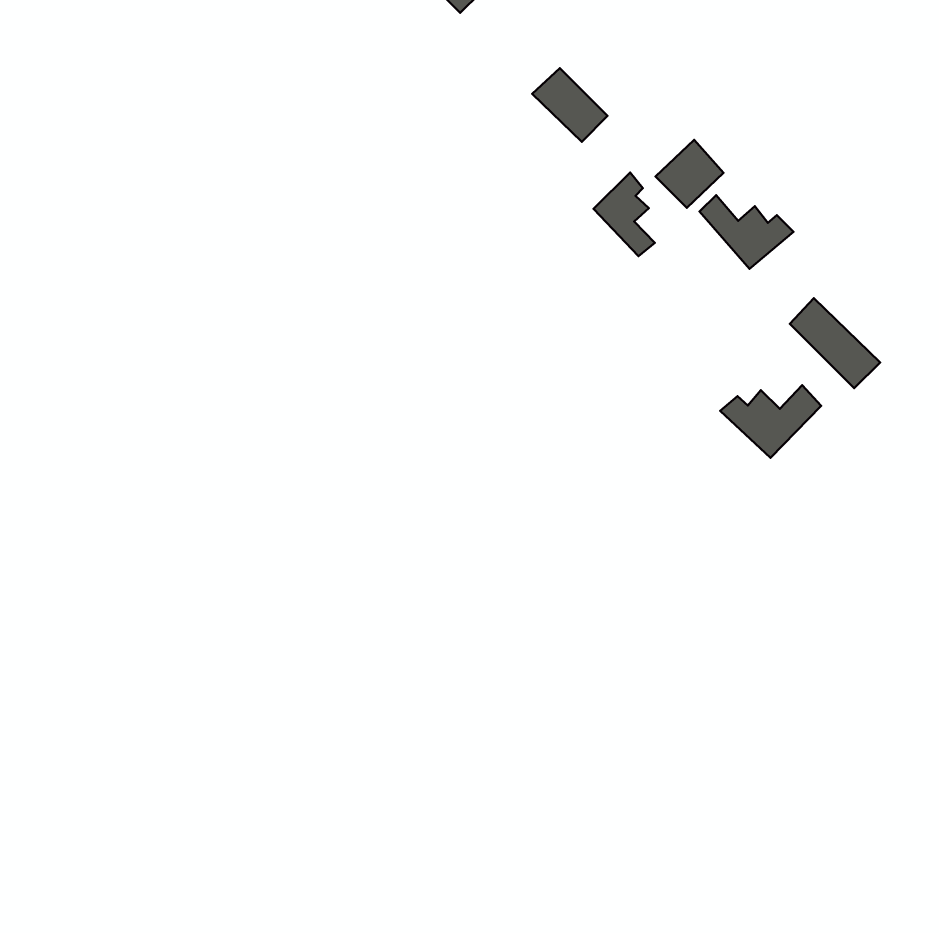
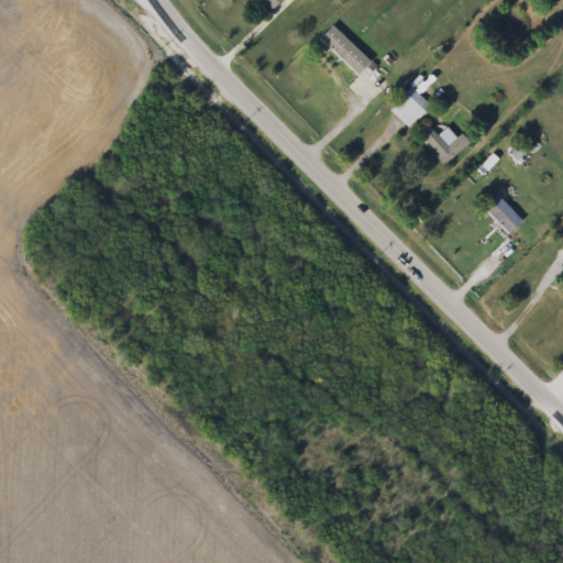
building: [593,172,655,256] -> none
building: [720,385,821,458] -> none

